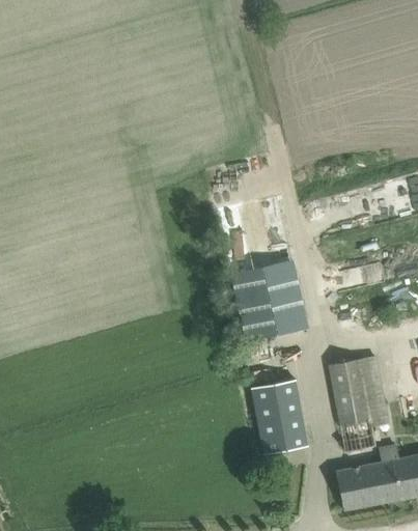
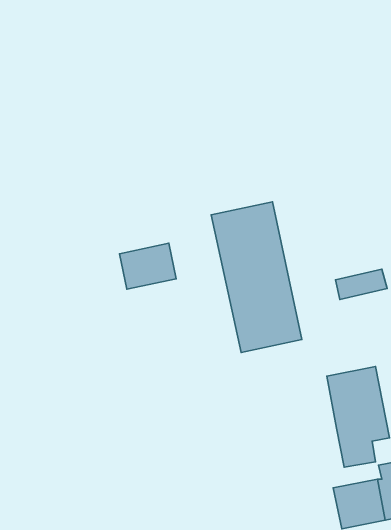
building: none -> [120,243,176,289]
building: [251,380,307,454] -> none

